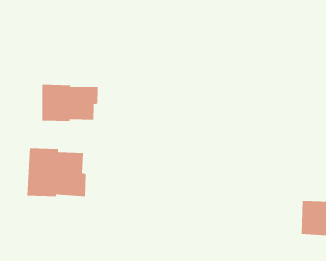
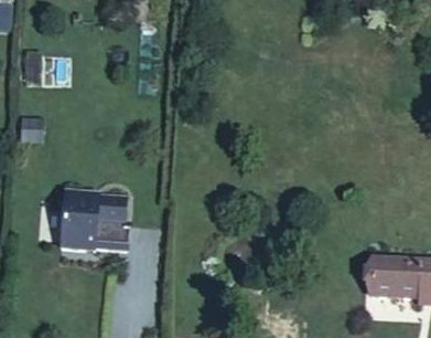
building: [42,84,98,122] -> none

